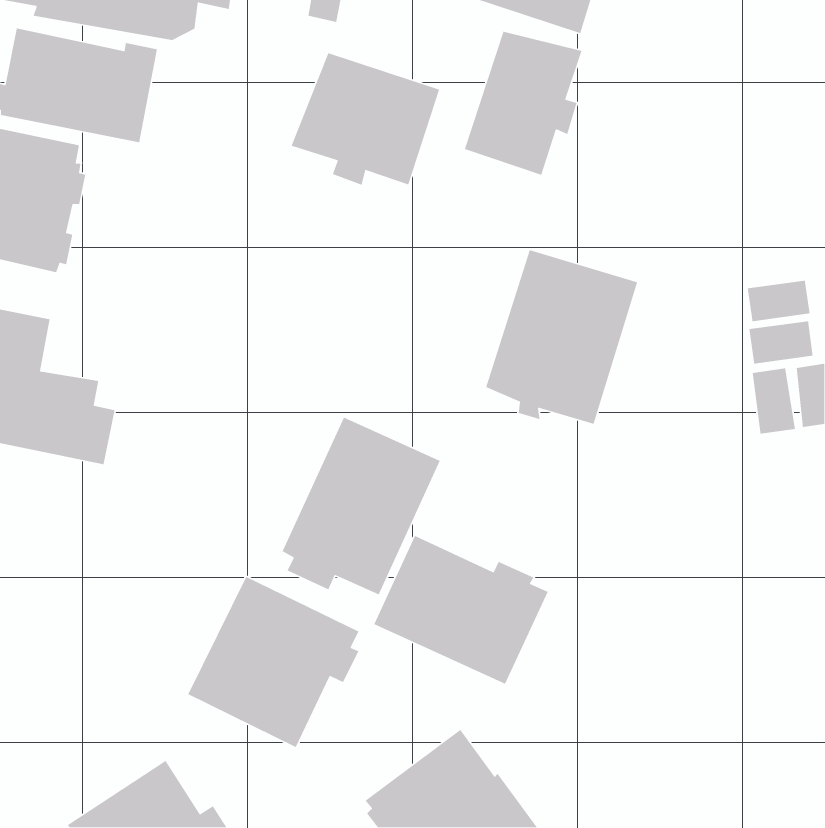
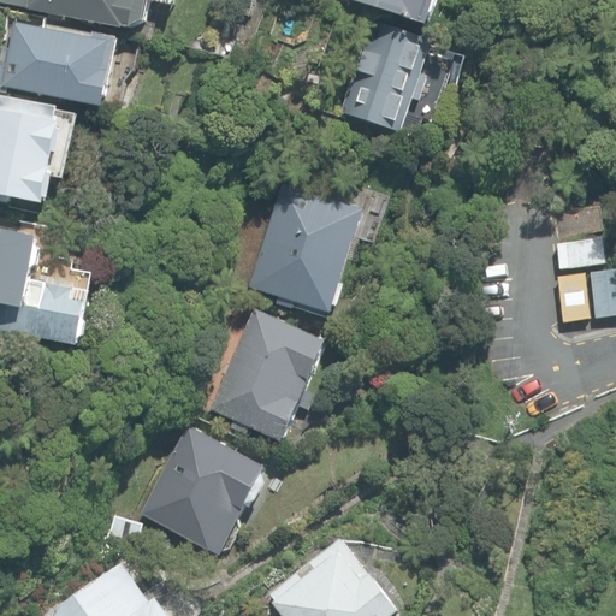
building: [291,52,440,186] -> none
building: [485,249,638,425] -> [249,183,362,313]
building: [373,535,549,685] -> none

